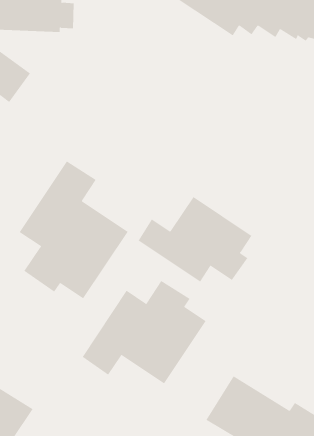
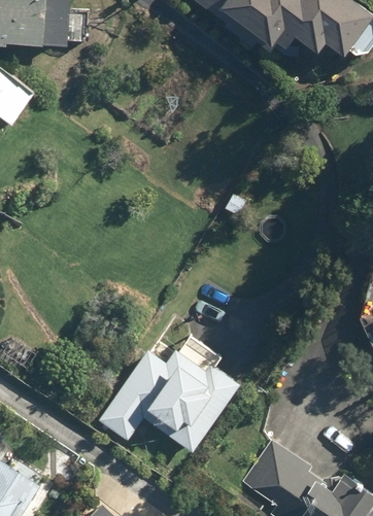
building: [19,161,129,299] -> none
building: [138,196,252,283] -> none

